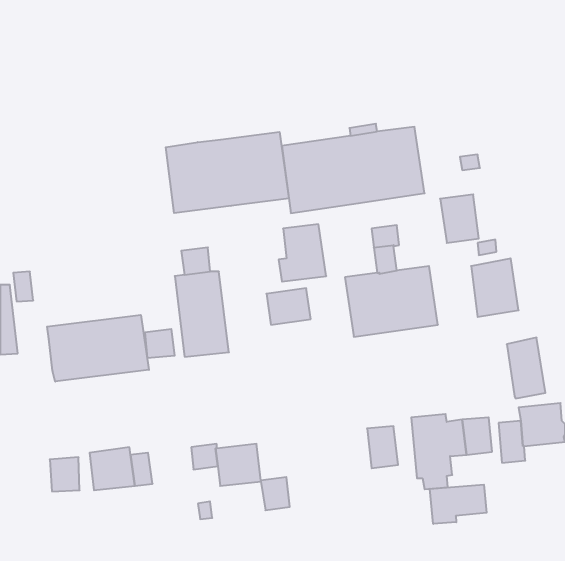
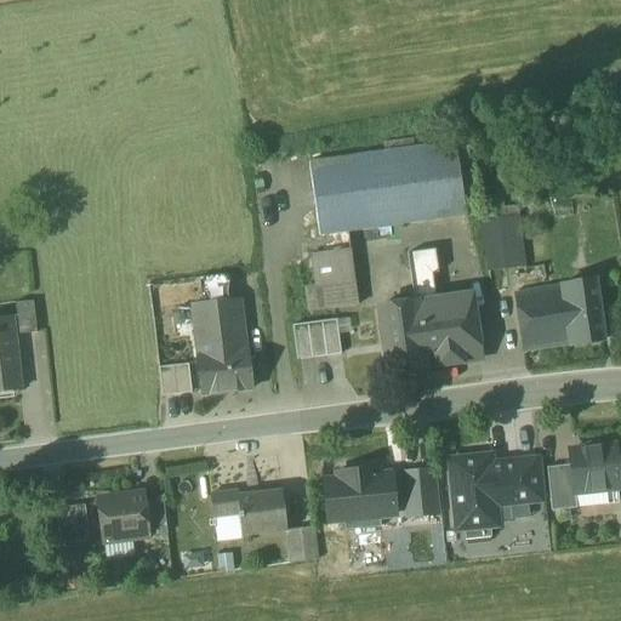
building: [166,132,289,213] -> none
building: [47,315,149,382] -> none
building: [507,338,545,398] -> [560,277,603,343]
building: none -> [324,466,395,528]
building: [430,485,487,524] -> none

